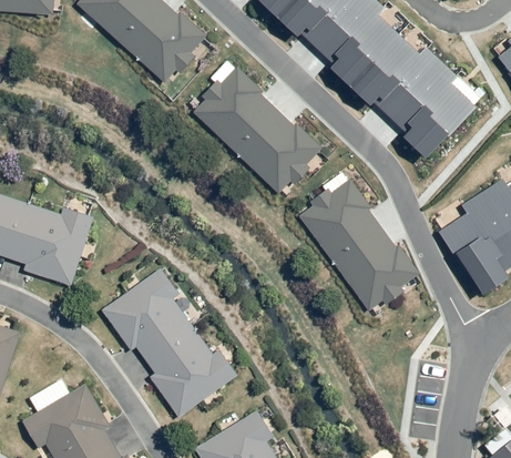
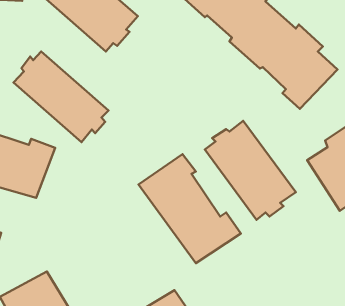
building: [193,68,321,194] -> none
building: none -> [14,52,108,142]
building: [101,267,239,415] -> [138,154,241,263]

